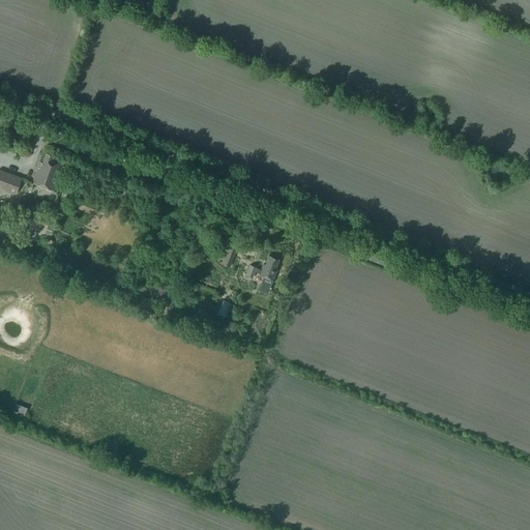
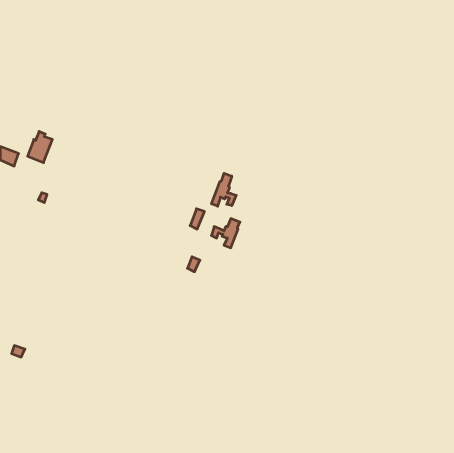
building: none -> [212,173,236,206]

